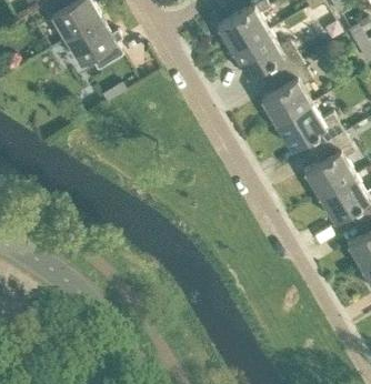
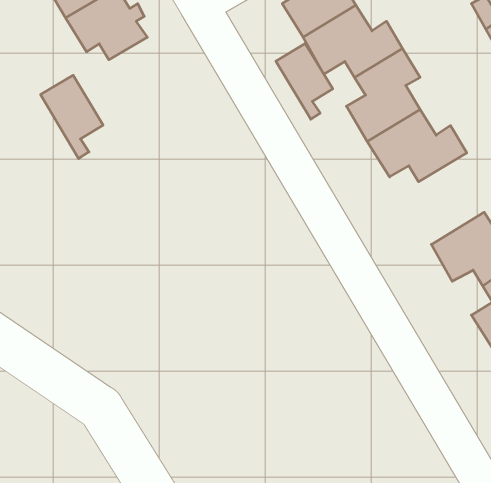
building: none -> [276,43,333,119]
building: none -> [41,75,103,159]
building: [302,131,354,194] -> none

